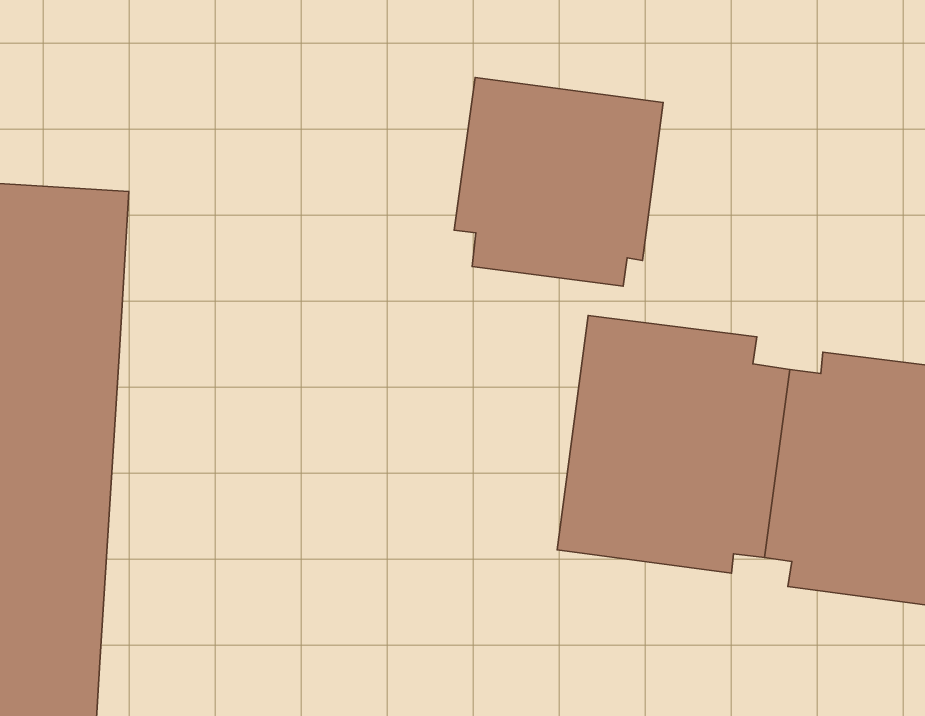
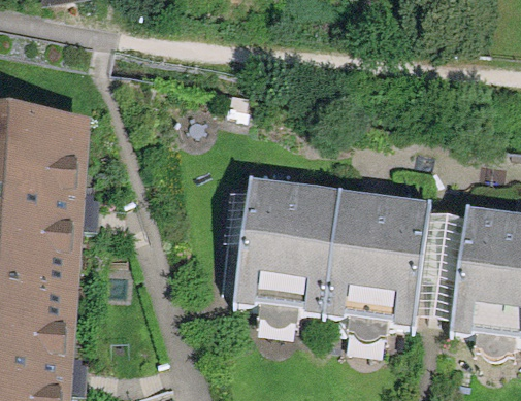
building: [454,77,663,286] -> none
building: none -> [209,174,330,311]

